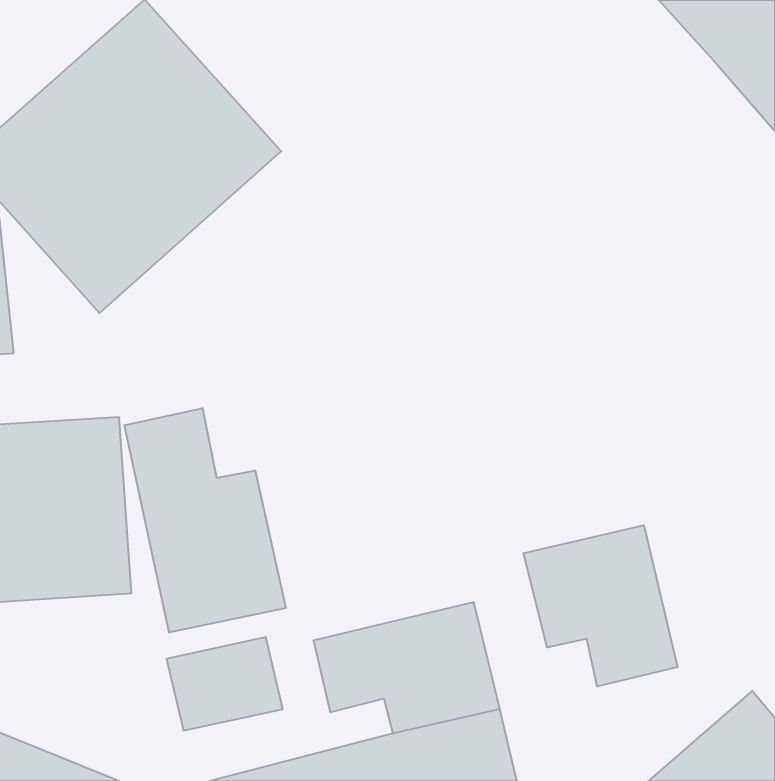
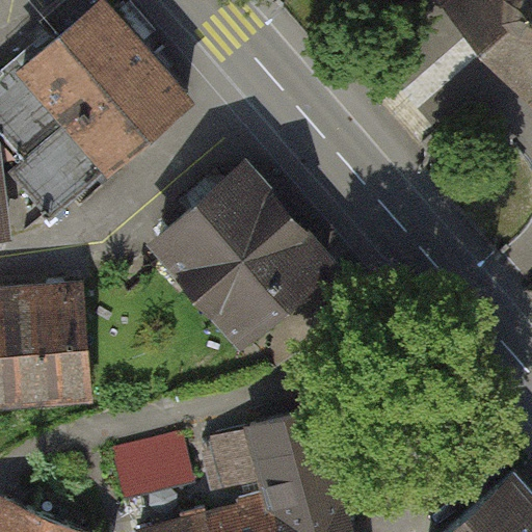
building: none -> [152,159,324,332]
building: [124,408,286,633] -> none
building: [523,525,678,687] -> none

